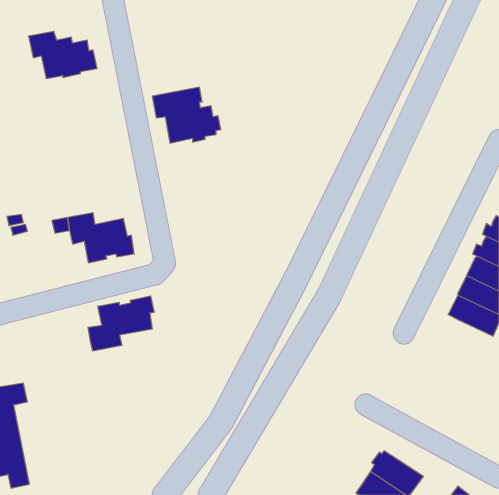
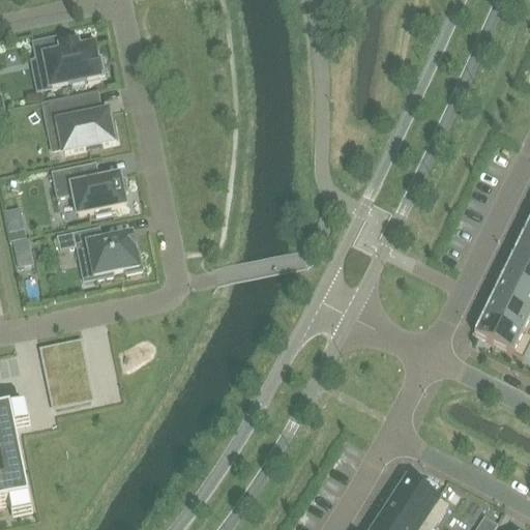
building: [152,87,221,143] -> [43,89,116,148]
building: none -> [50,164,126,213]
building: [88,296,154,351] -> none

